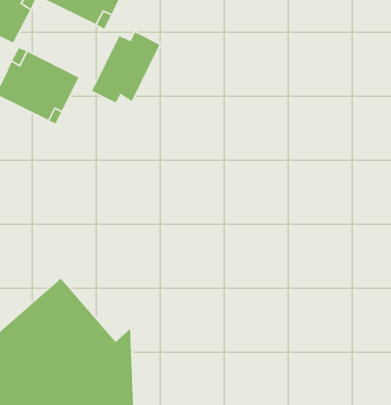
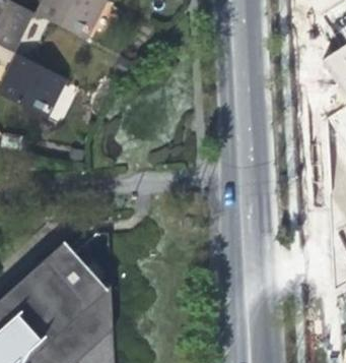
building: [91,31,160,104] -> none

